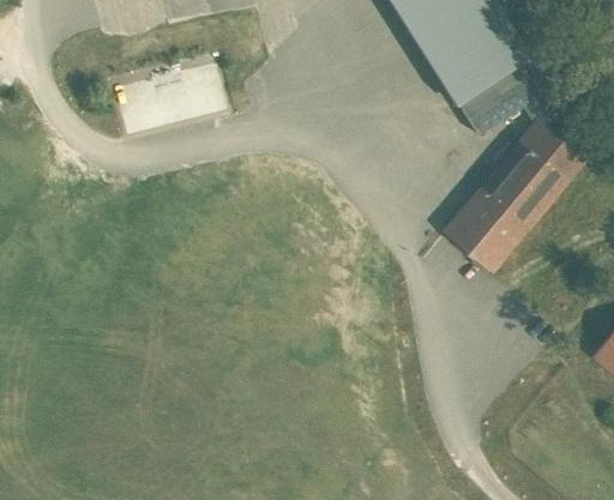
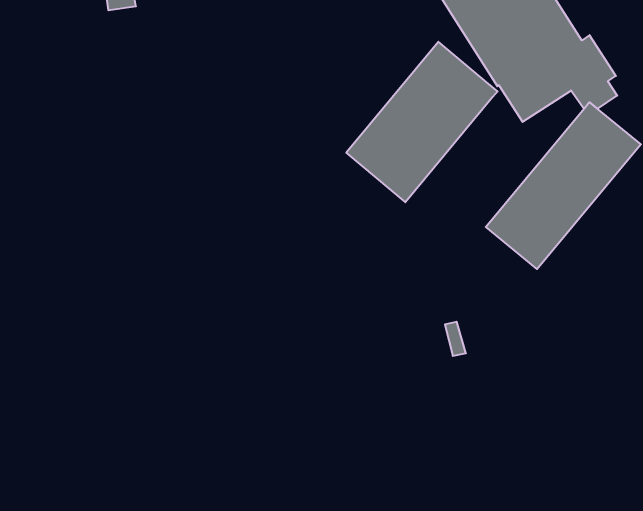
building: none -> [346,42,498,202]

